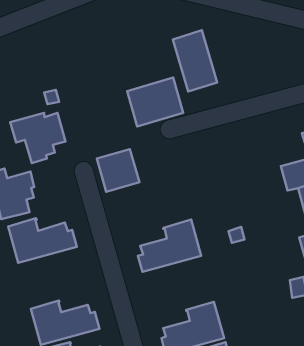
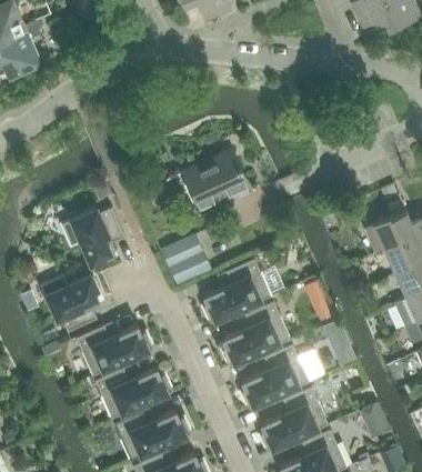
building: [173,30,217,91] -> none
building: none -> [202,259,271,323]
building: none -> [94,368,172,418]
building: none -> [240,343,309,409]

